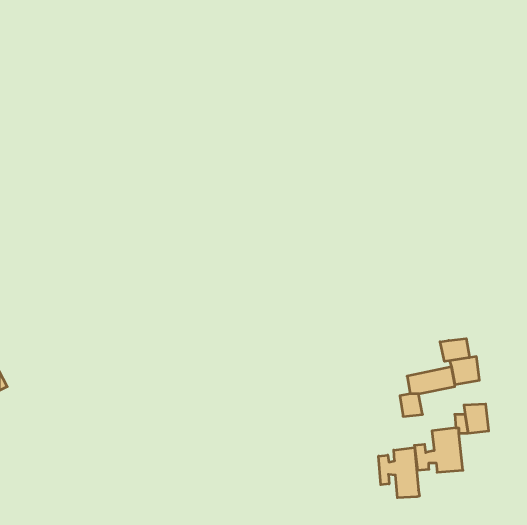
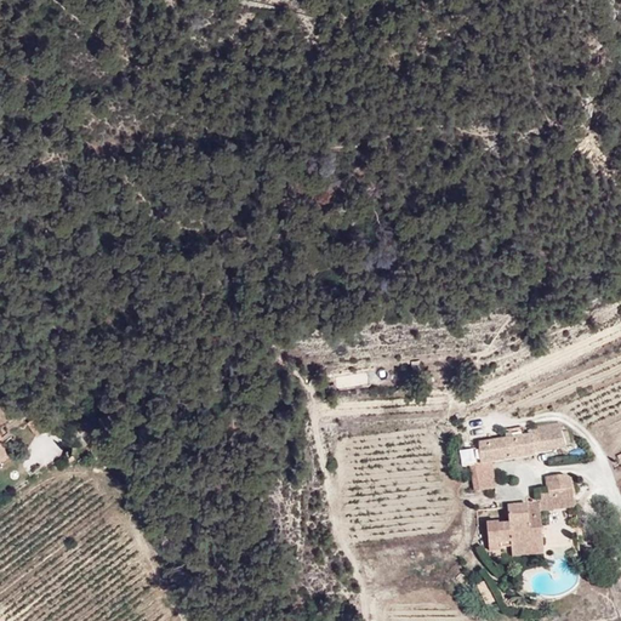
building: [440,339,469,361] -> none
building: [379,447,419,498] -> none

